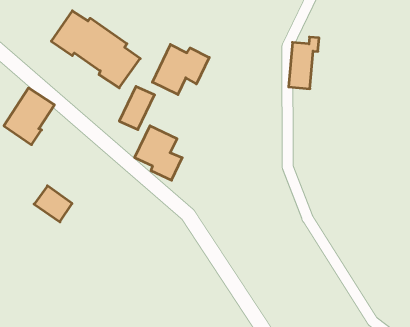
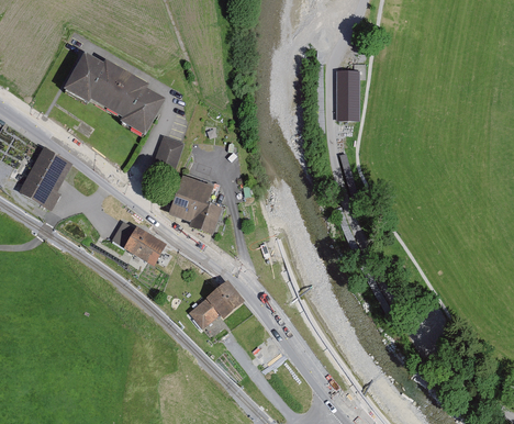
building: [152,44,209,95] -> none
building: [34,186,72,222] -> [123,225,166,265]
building: none -> [188,279,244,326]

